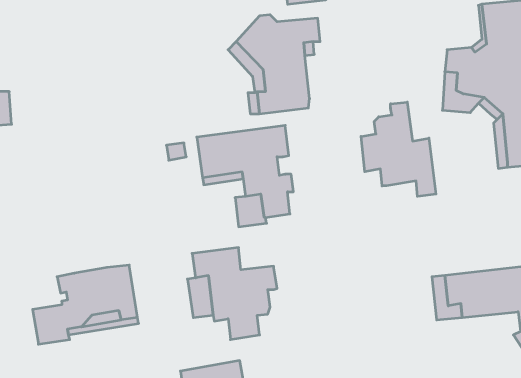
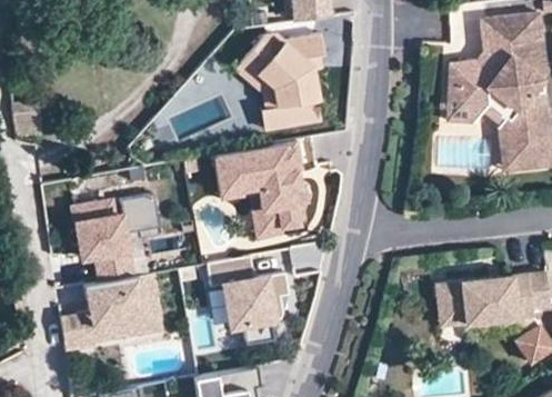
building: [361,102,436,196] -> none
building: none -> [72,195,158,280]

